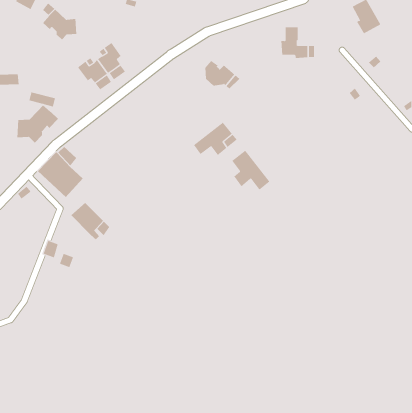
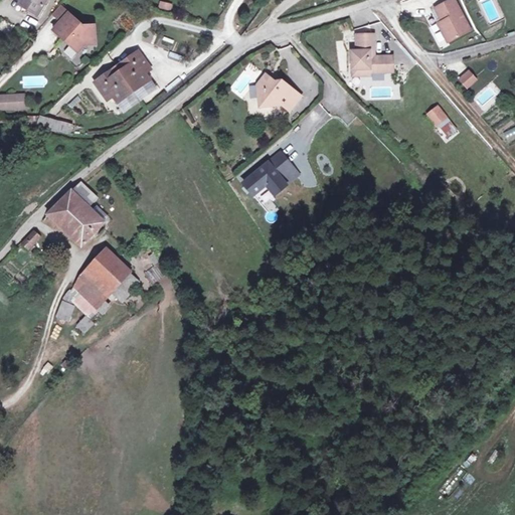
building: [17,104,59,143] -> none
building: [231,150,270,190] -> none
building: none -> [73,267,112,307]

